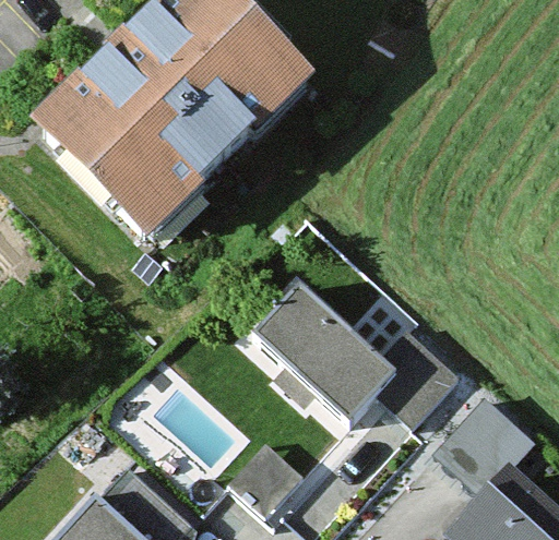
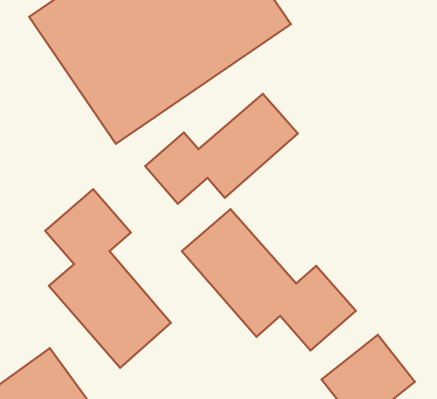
building: none -> [145,94,298,204]
building: none -> [45,189,171,368]

